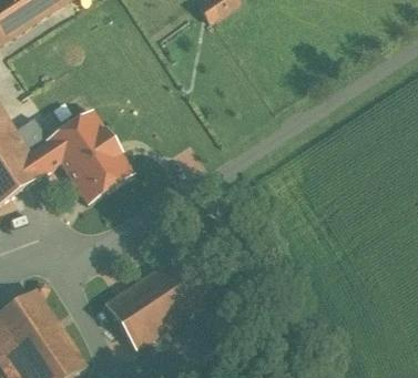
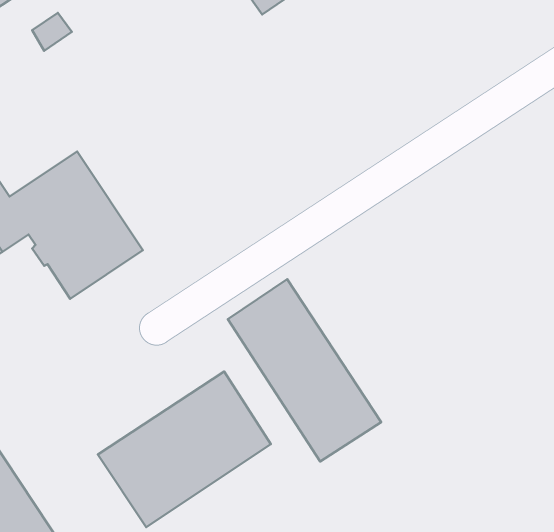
building: none -> [228,279,381,461]

